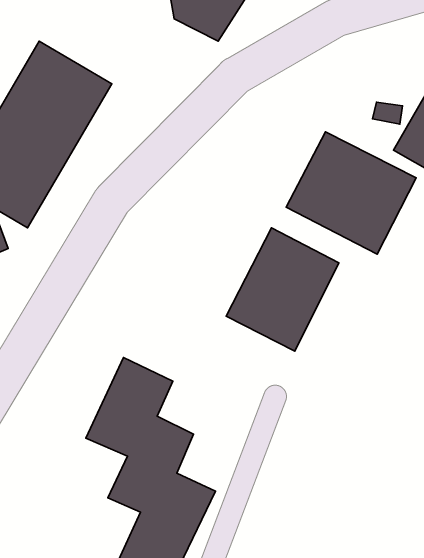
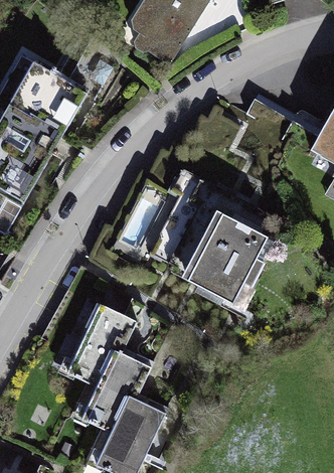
building: [286,132,416,254] -> none

